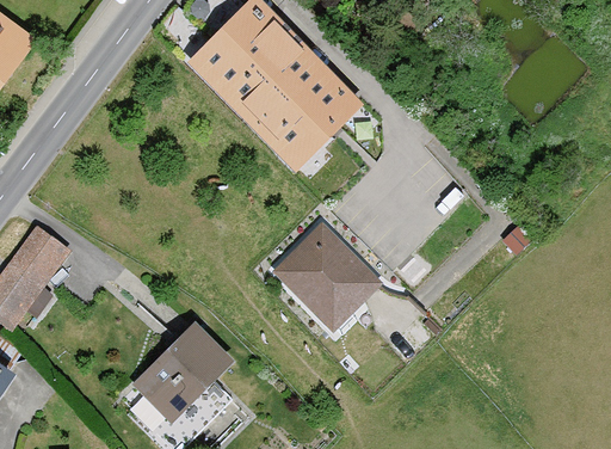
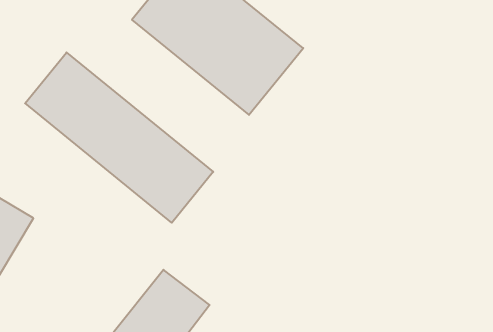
building: none -> [25,52,213,223]
building: [271,222,377,328] -> none

